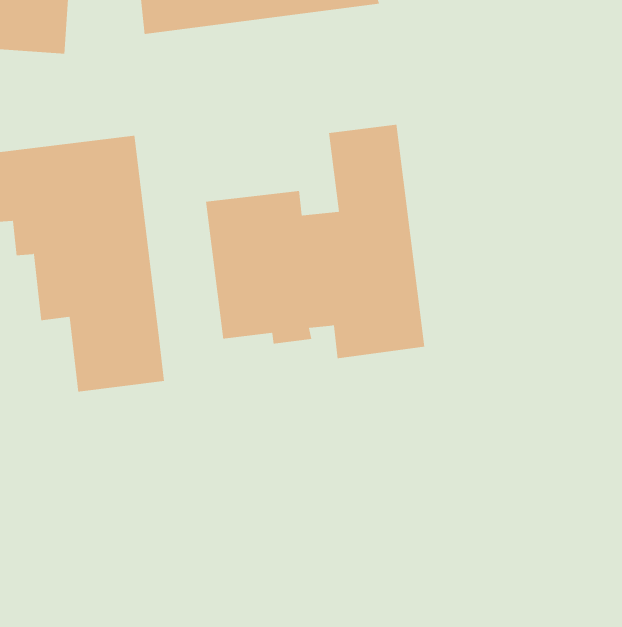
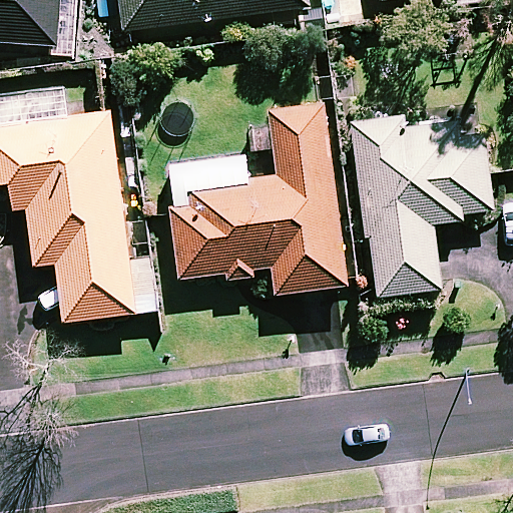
building: none -> [351,116,492,294]

